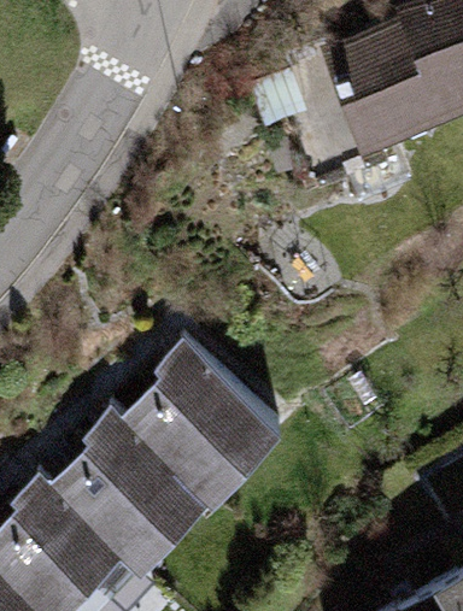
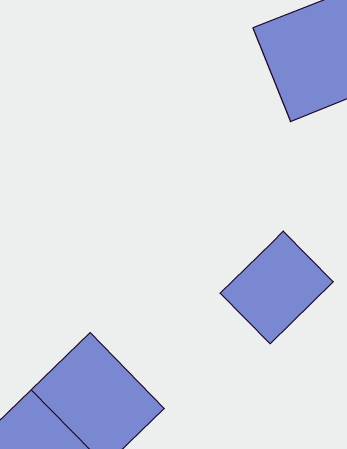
building: none -> [220,231,333,344]
building: [122,343,285,506] -> none

